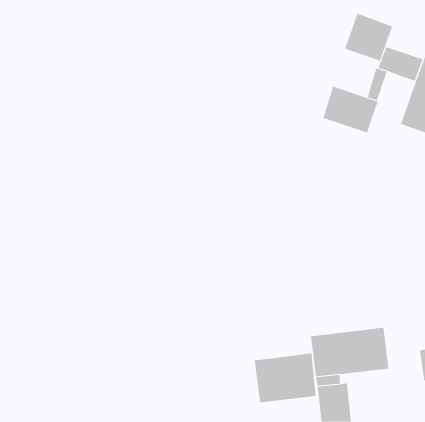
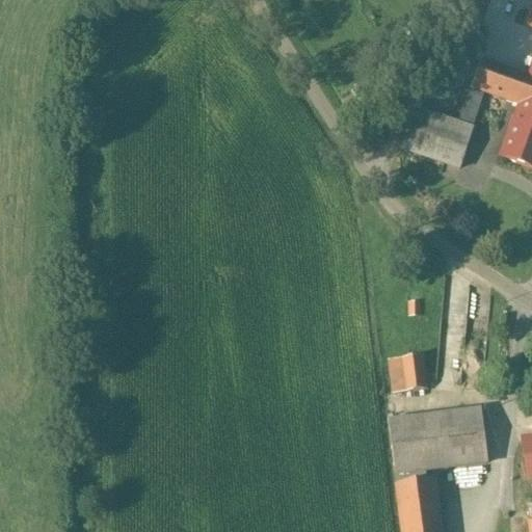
building: [344,13,393,61] -> none
building: none -> [401,354,426,390]
building: [254,353,316,403] -> none

